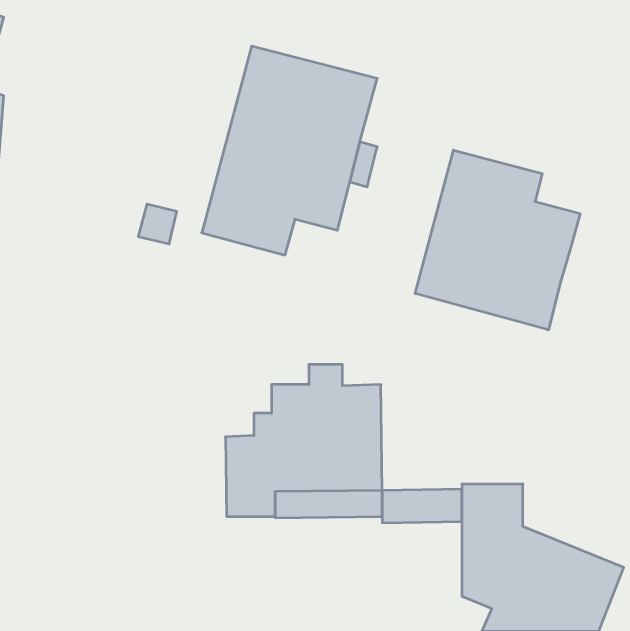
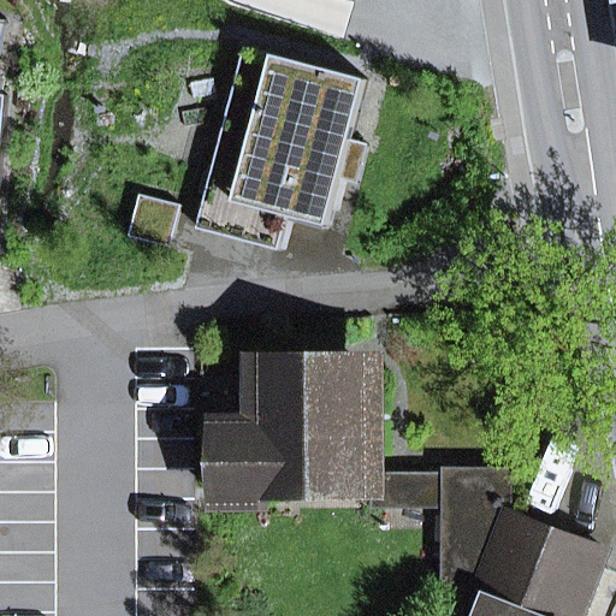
building: [415,150,580,330] -> none

